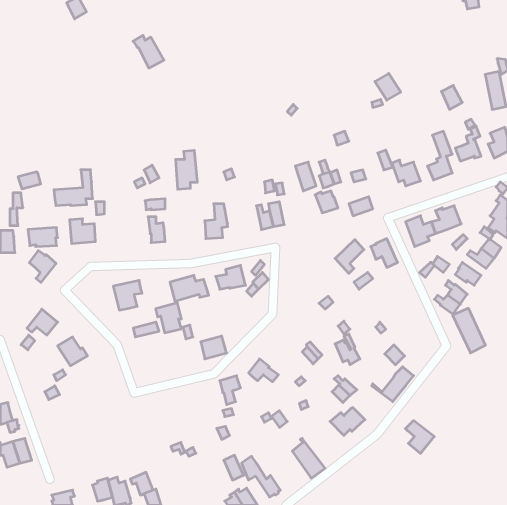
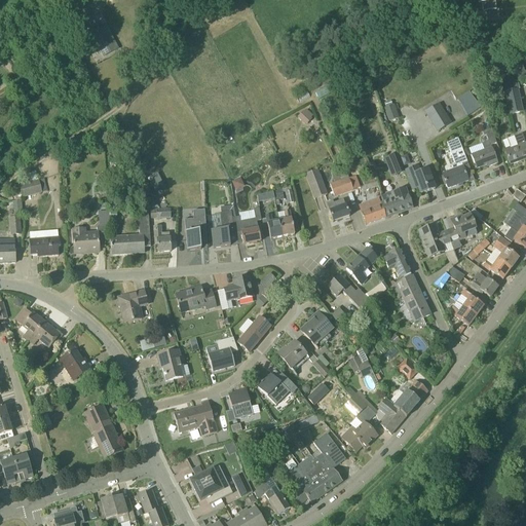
building: [133,35,164,68] -> [87,21,119,54]
building: [375,73,401,100] -> [425,102,452,129]
building: [176,150,197,189] -> [186,208,209,248]
building: [54,170,93,206] -> [111,215,151,252]
building: none -> [382,186,413,216]
building: none -> [233,205,261,242]
building: [29,251,56,282] -> [16,306,44,339]
building: none -> [329,274,369,309]
building: none -> [301,310,334,347]
building: [156,303,181,333] -> [157,348,184,379]
building: none -> [237,314,271,350]
building: [453,308,485,353] -> [397,274,430,321]
building: none -> [278,339,307,367]
building: none -> [175,399,219,435]
building: none -> [85,404,123,457]
building: none -> [313,431,346,484]
building: [405,421,434,453] -> [377,399,407,433]
building: none -> [290,462,323,501]
building: none -> [192,468,233,502]

